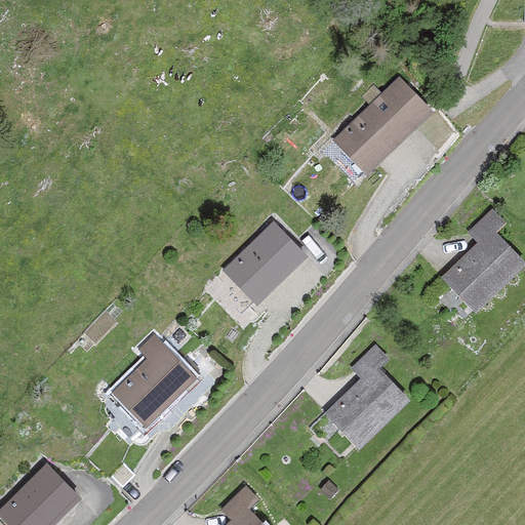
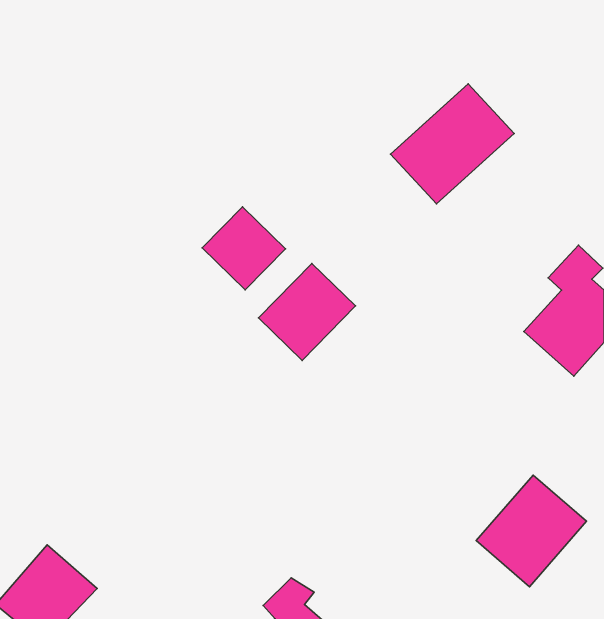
building: none -> [202,207,285,290]
building: [111,329,200,429] -> none
building: [322,358,415,452] -> [476,475,586,587]

